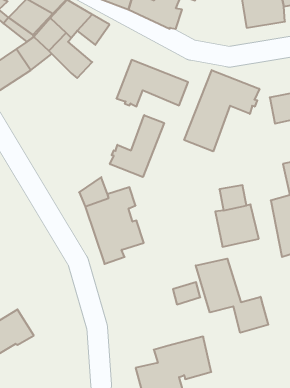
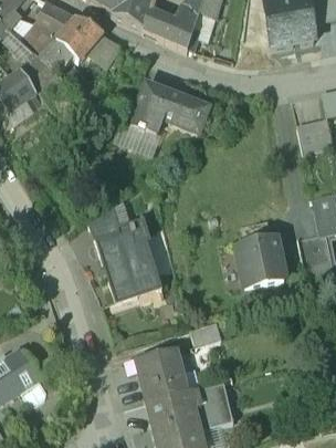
building: [184,70,259,151] -> none
building: [110,115,164,177] -> none
building: [196,259,268,333] -> none
building: none -> [136,352,186,404]

